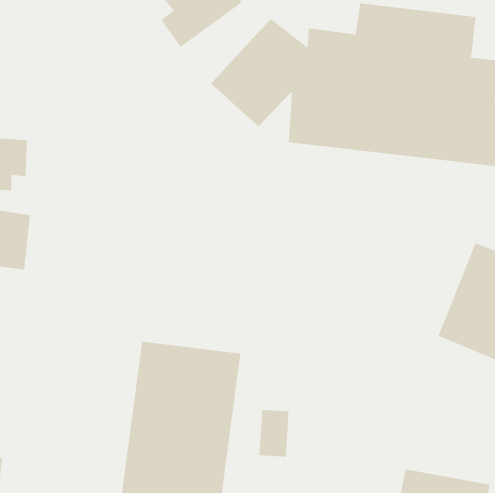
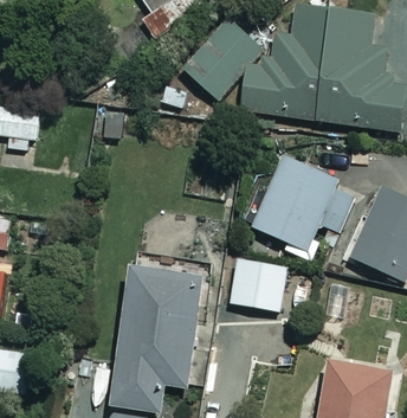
building: none -> [251,152,357,263]
building: none -> [230,258,285,310]

